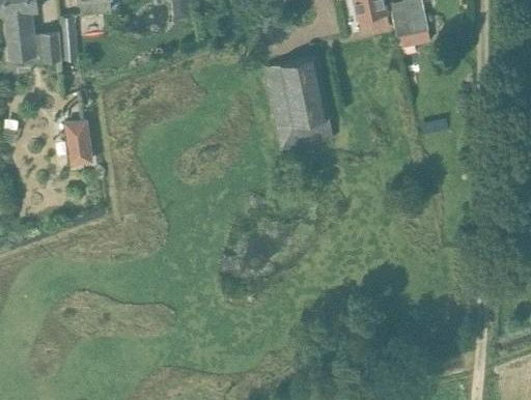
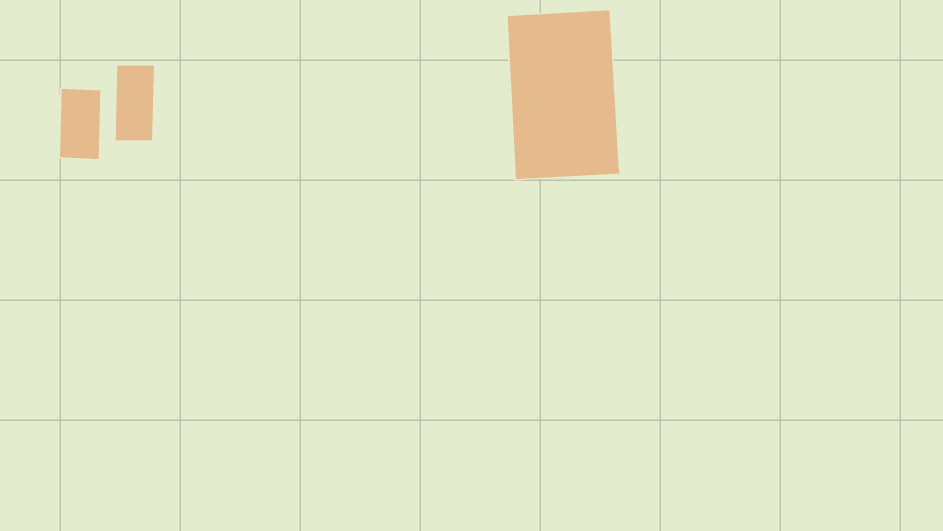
building: none -> [59,88,101,160]

